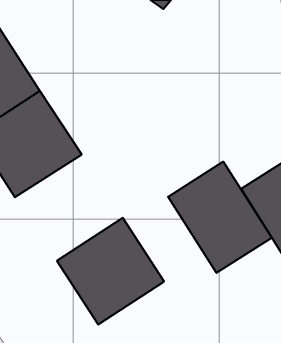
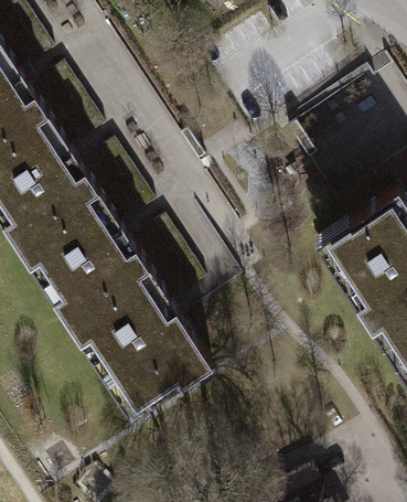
building: none -> [22,206,161,343]
building: [168,162,272,273] -> none

